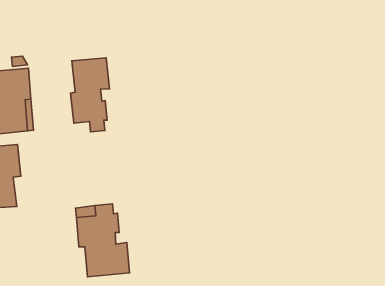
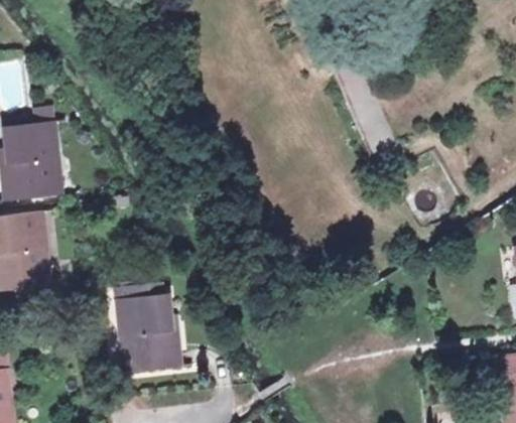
building: [71,58,109,132] -> none

